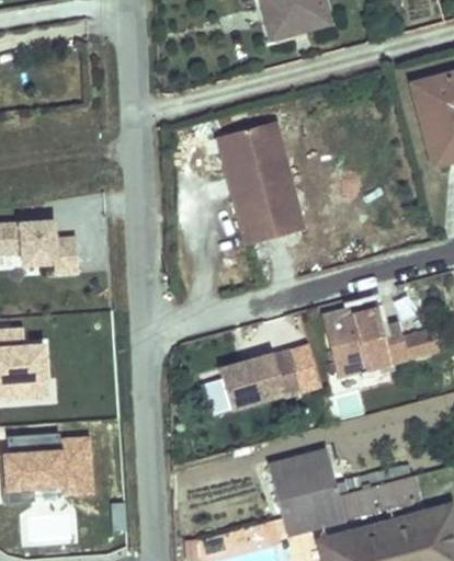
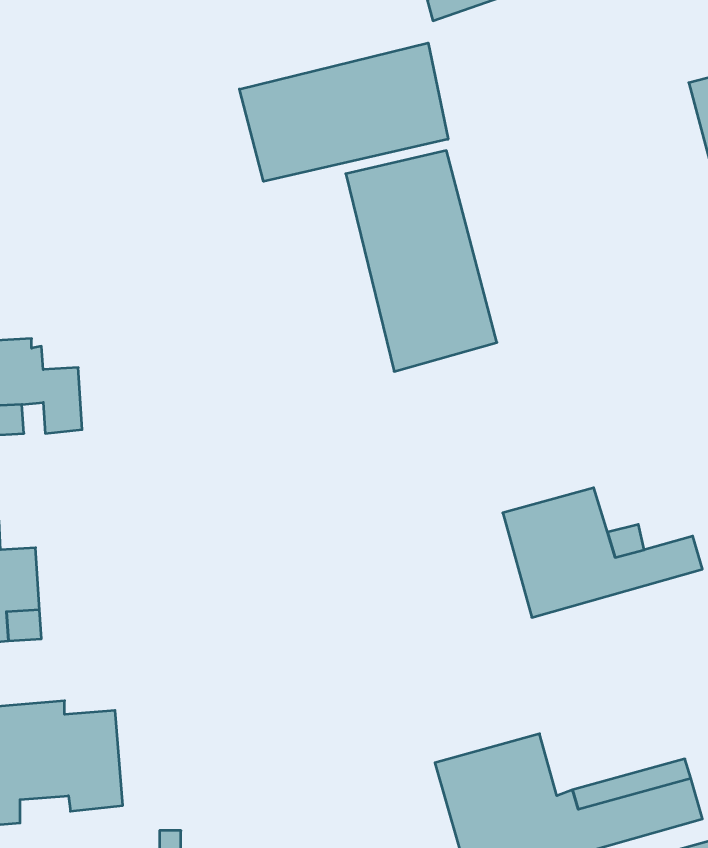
building: none -> [239,43,448,181]
building: [203,344,319,414] -> none

